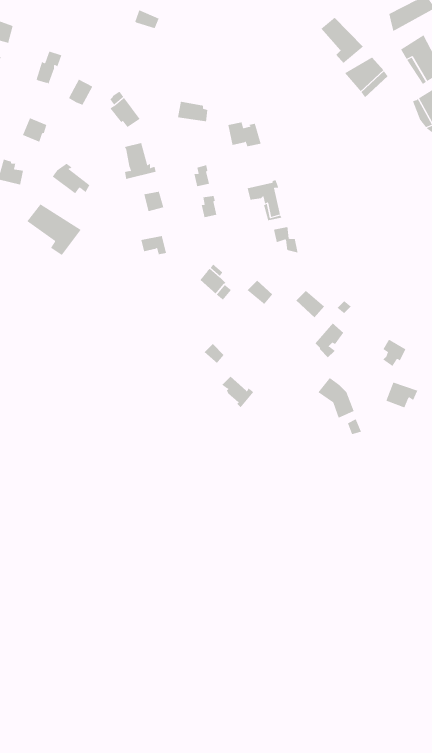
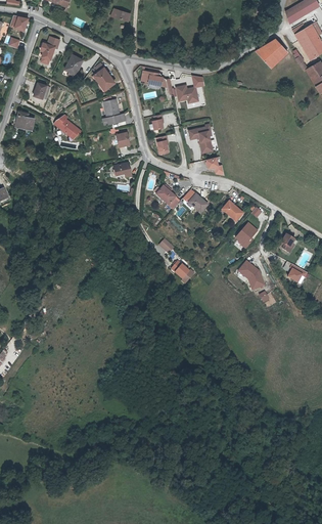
building: [320,17,364,64] -> none
building: [27,203,82,256] -> none

